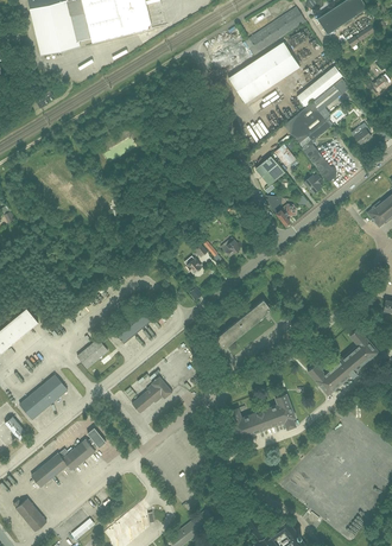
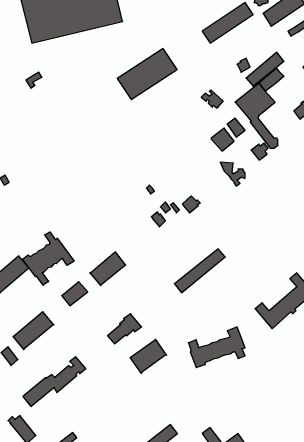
building: [228,42,299,102] -> [117,49,177,100]
building: none -> [23,232,74,285]
building: none -> [130,339,167,373]

